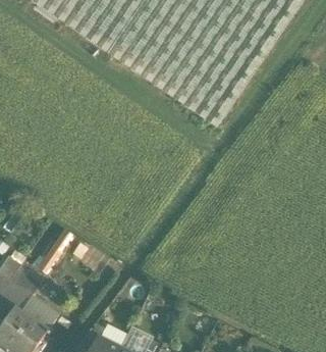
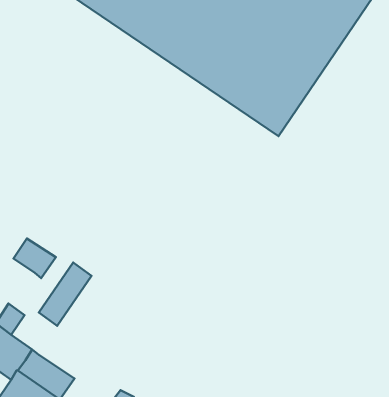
building: [9,263,42,294] -> [14,239,56,278]

